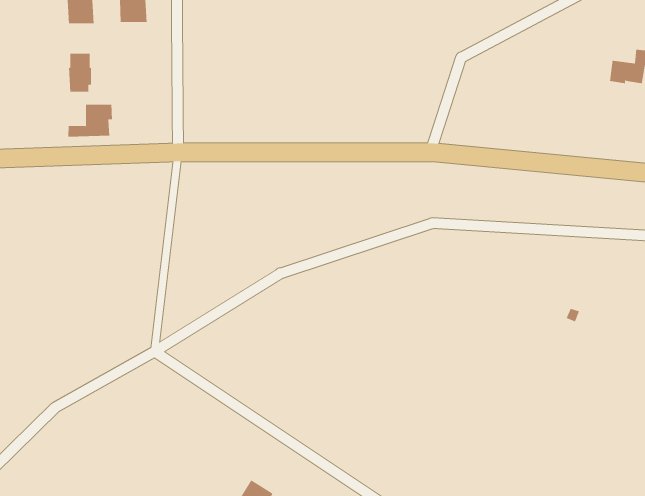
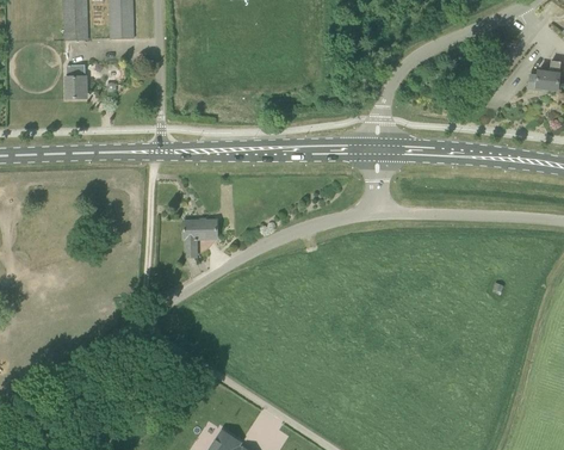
building: [68,104,112,137] -> none
building: none -> [182,217,217,254]

